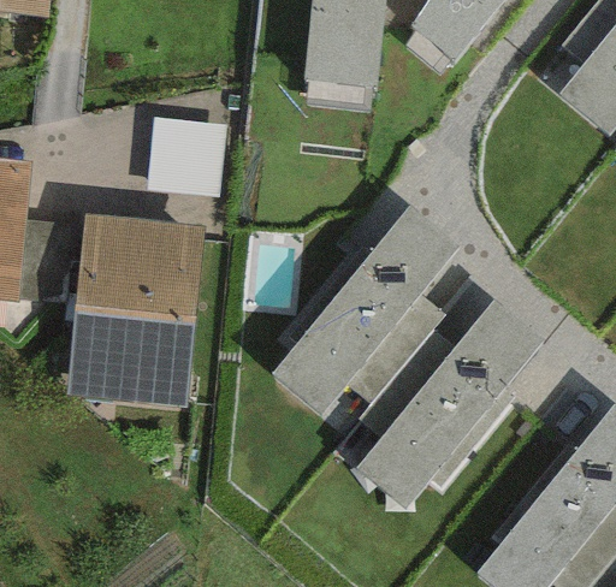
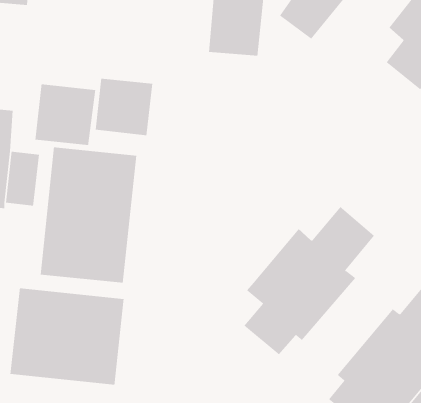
building: none -> [35,84,96,146]
building: [270,208,458,419] -> none
building: none -> [10,287,124,386]

